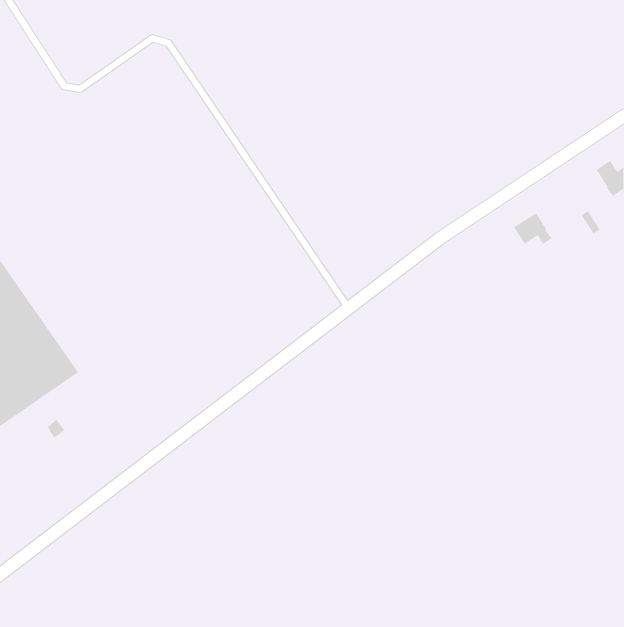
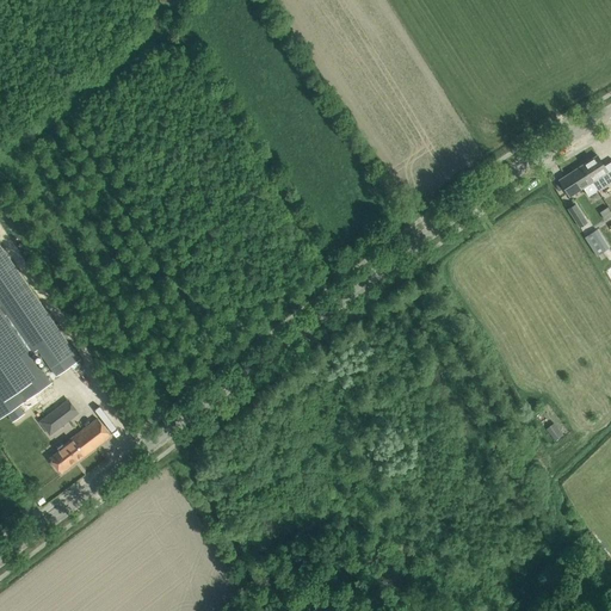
building: [513,213,552,245] -> [555,167,593,198]
building: none -> [45,421,106,475]

